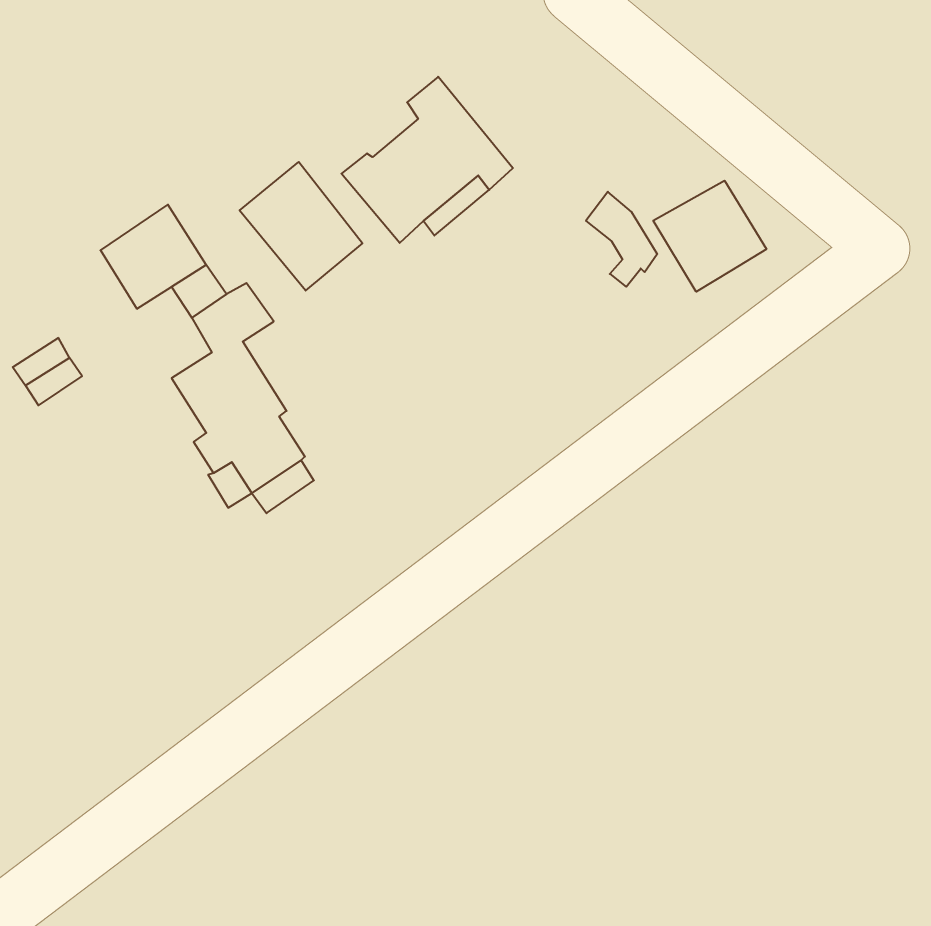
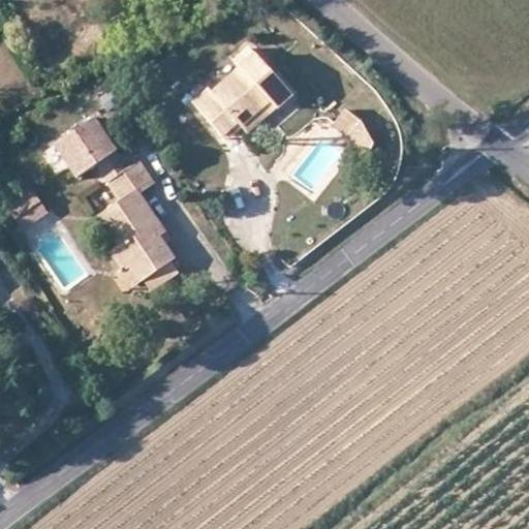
building: [240,162,362,291] -> none
building: [653,181,766,292] -> none

